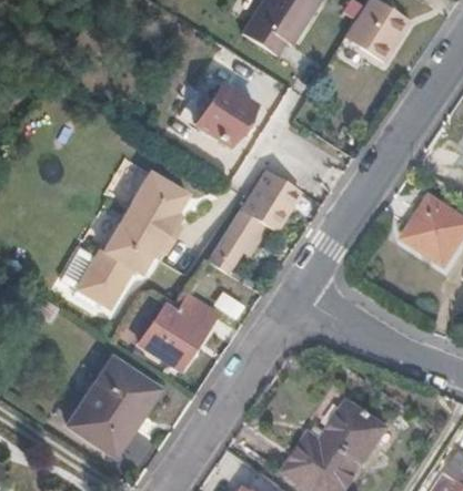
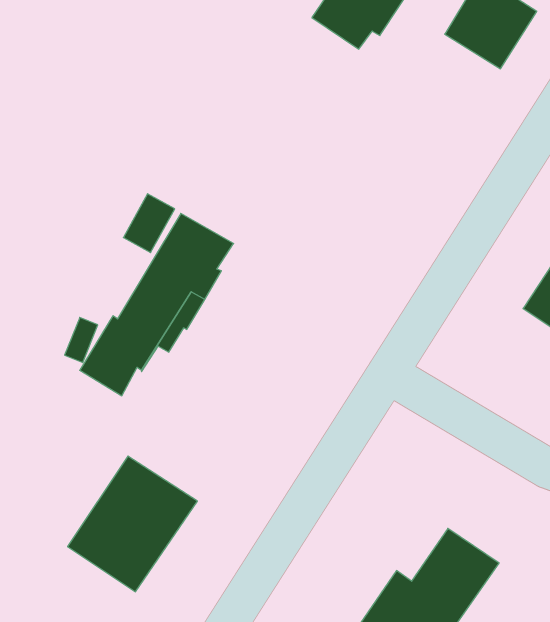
building: [200,82,259,144] -> none
building: [213,168,305,264] -> none
building: [141,294,210,364] -> none

